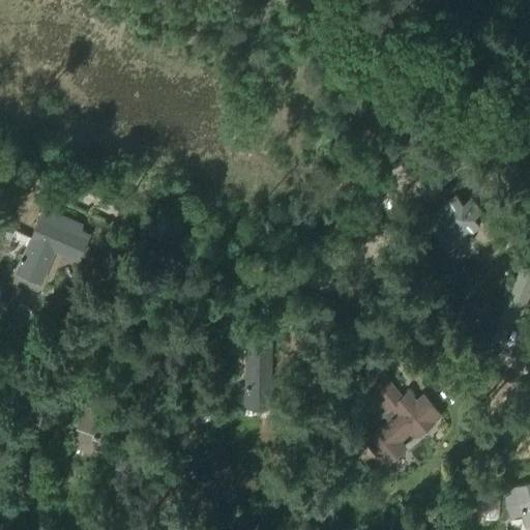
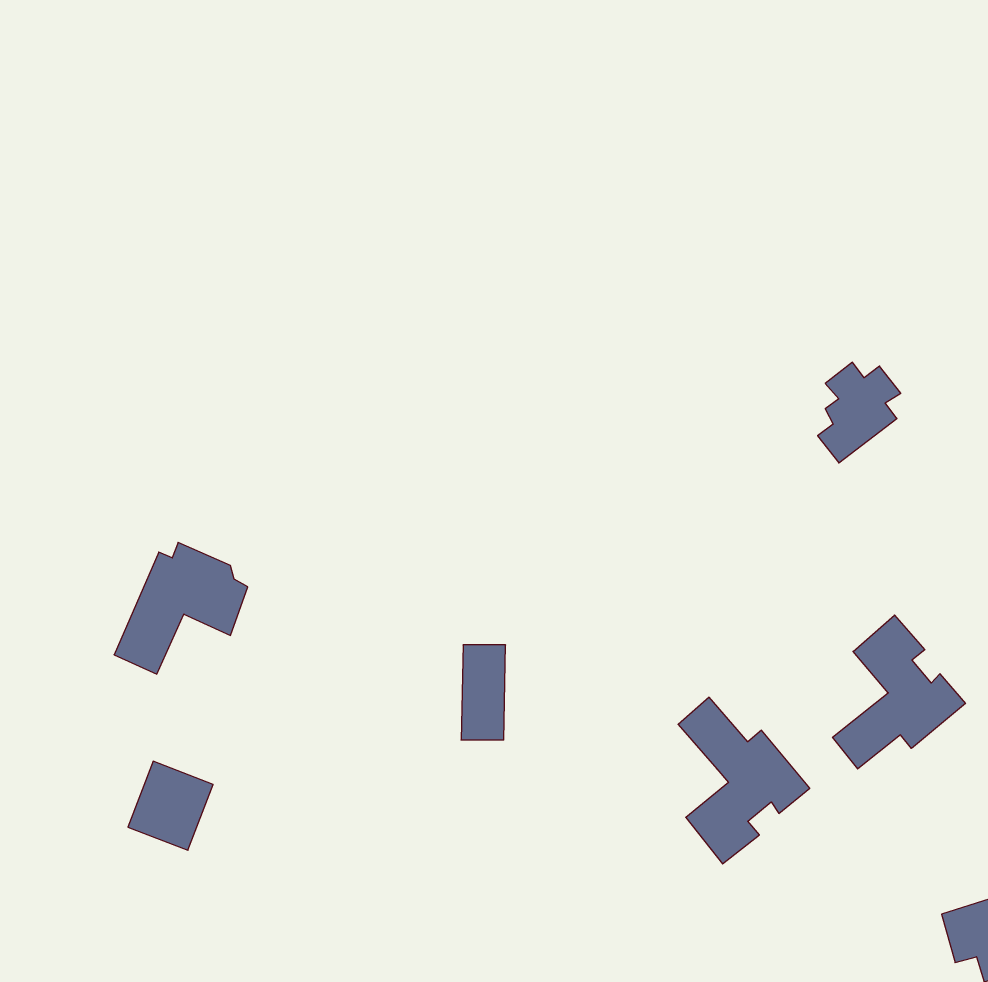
building: [18,214,89,285] -> [114,542,248,674]
building: none -> [833,615,965,769]

